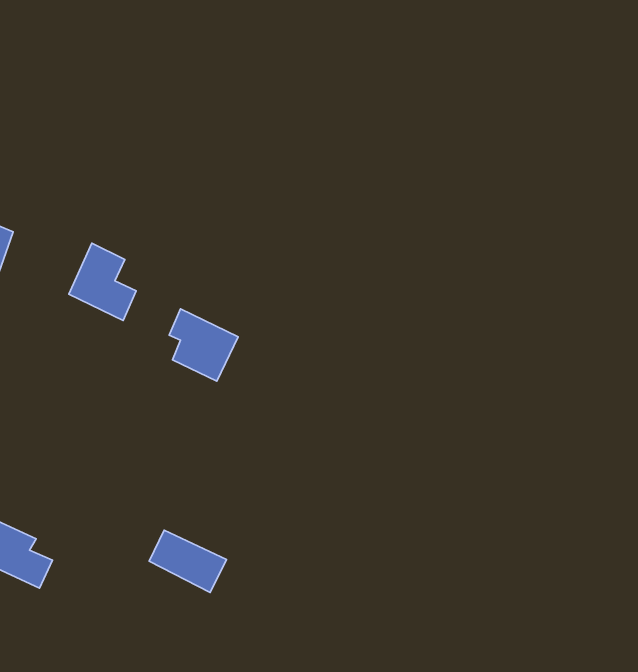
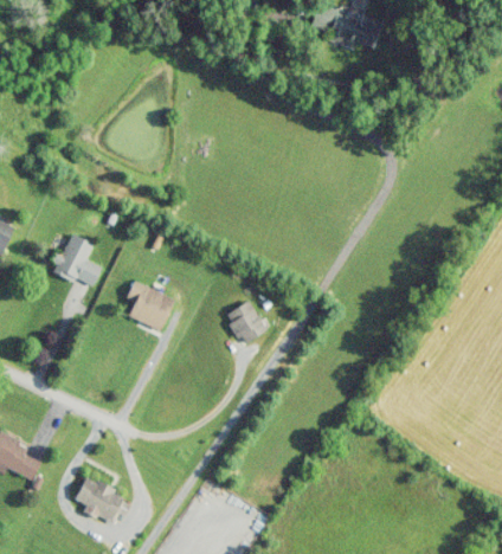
building: none -> [223,299,266,346]
building: [149,530,226,592] -> [73,477,129,522]

